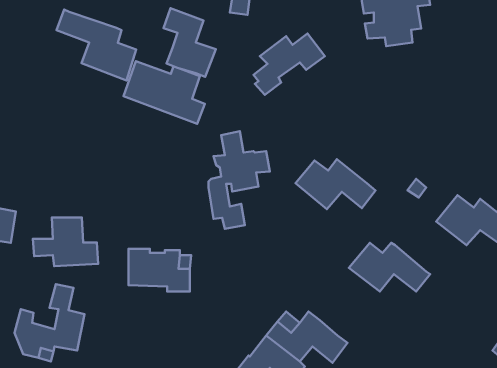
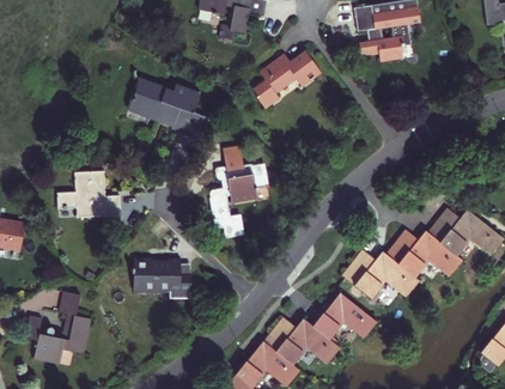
building: [164,8,216,77] -> none
building: [56,9,136,80] -> none
building: [296,159,376,209] -> [388,231,464,279]
building: [33,217,98,266] -> [57,172,120,219]
building: none -> [316,292,381,340]

